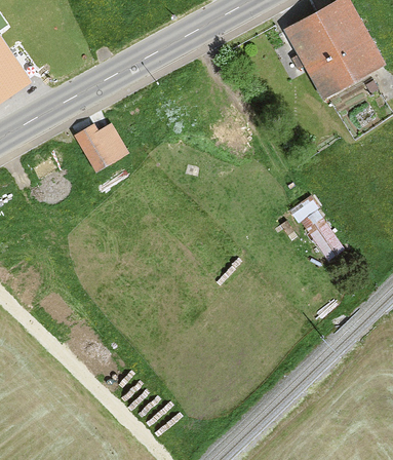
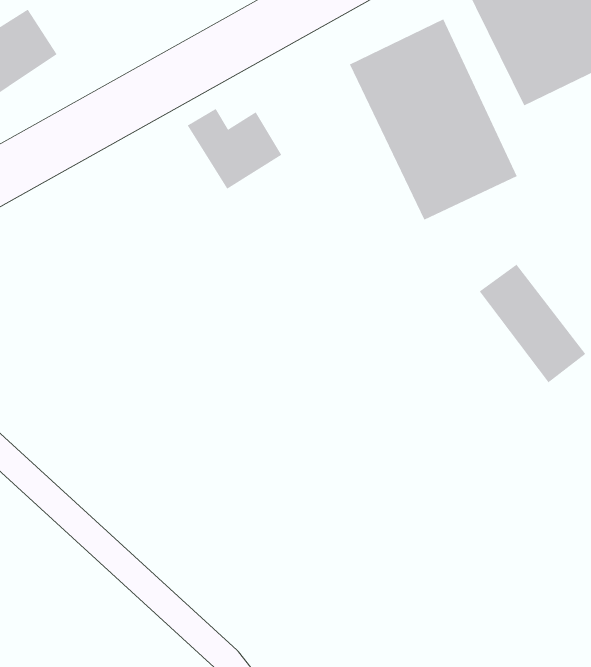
building: none -> [349,19,518,221]
building: [73,123,129,171] -> [187,108,282,190]

